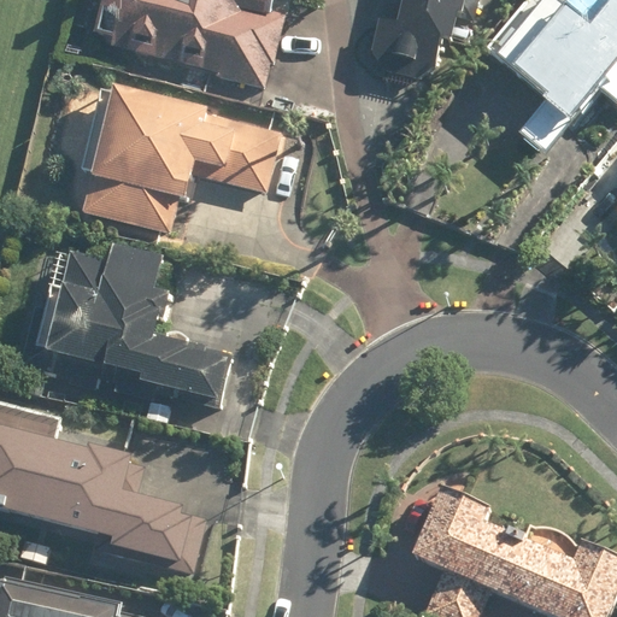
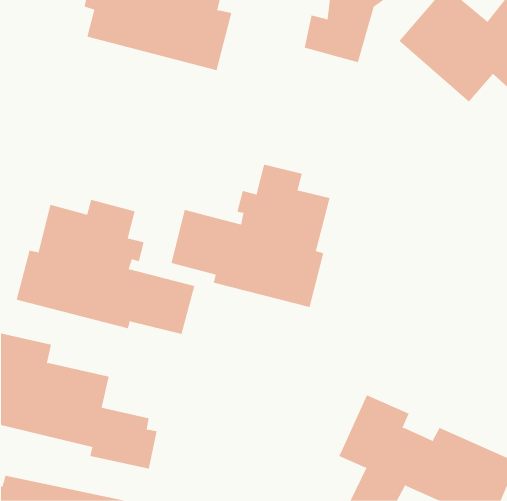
building: [57,80,284,234] -> none
building: none -> [171,164,330,308]

